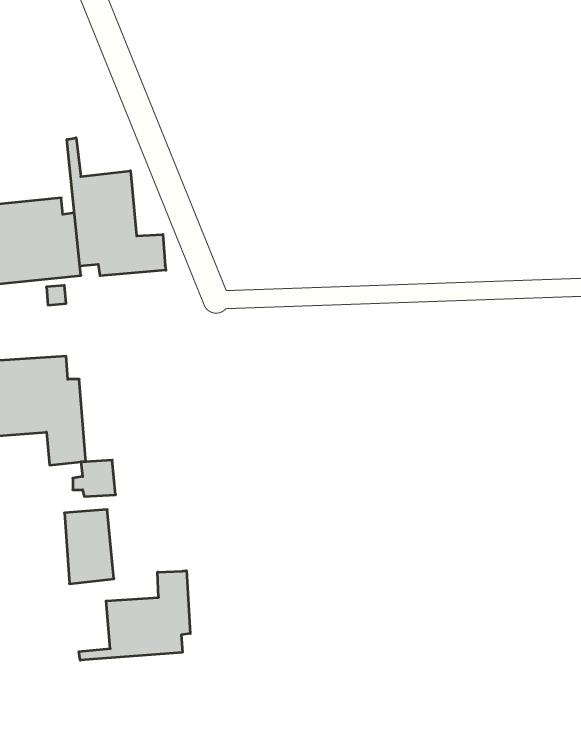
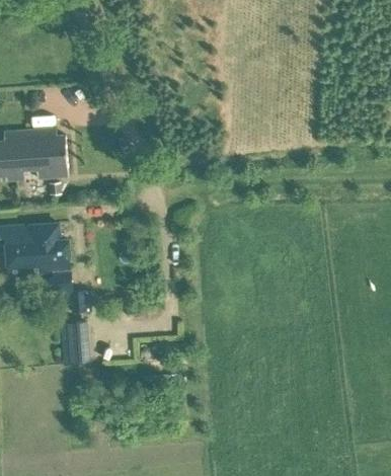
building: [67,138,166,276] -> none
building: [79,571,190,660] -> none

